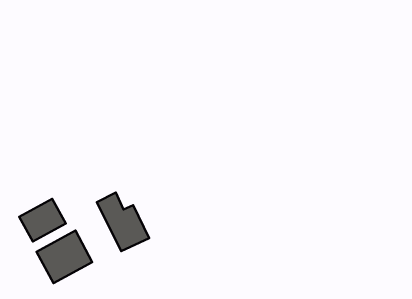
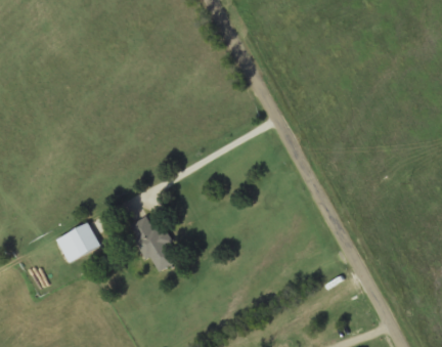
building: [37,230,92,283] -> none

